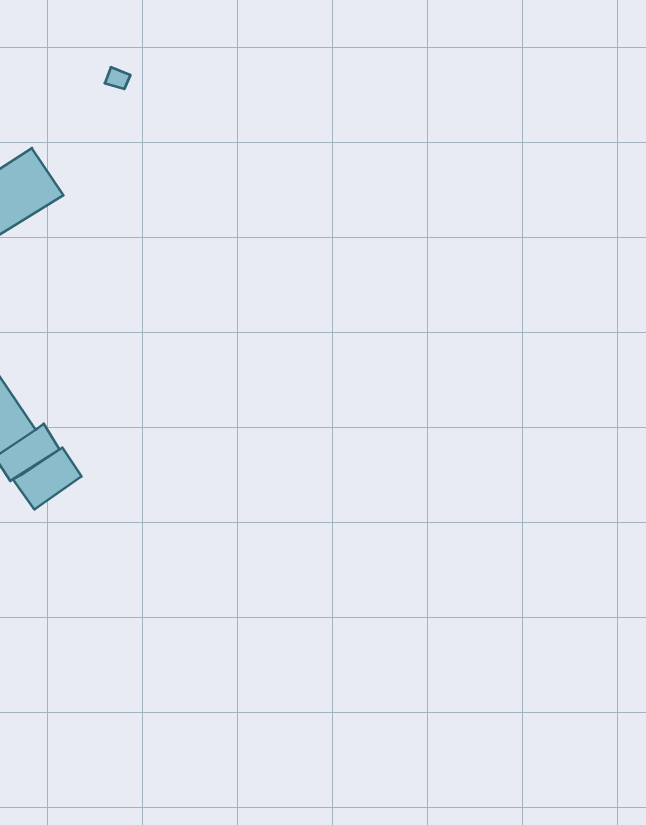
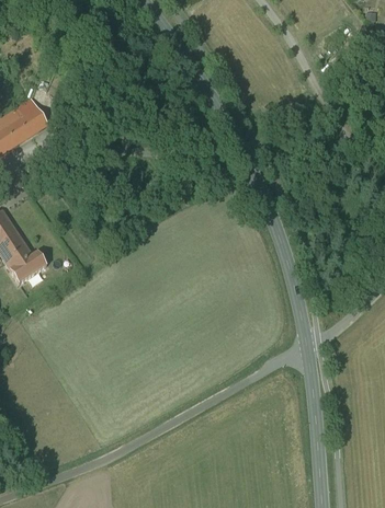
building: [13,448,81,509] -> none

